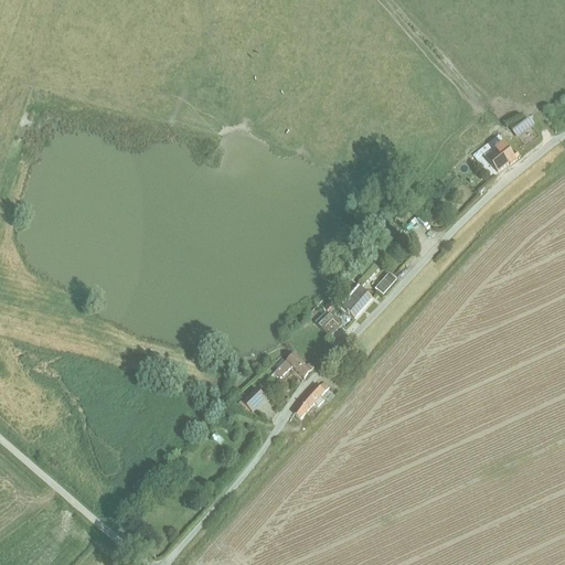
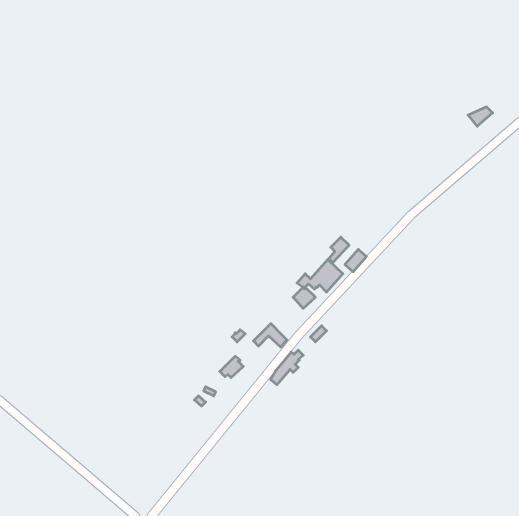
building: [487,140,519,170] -> none

